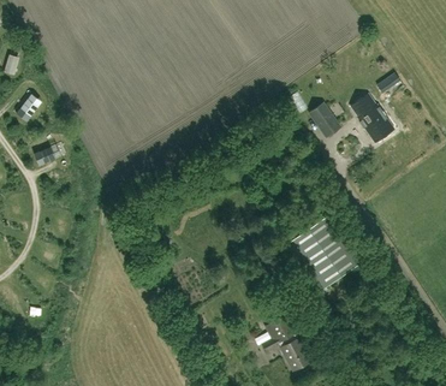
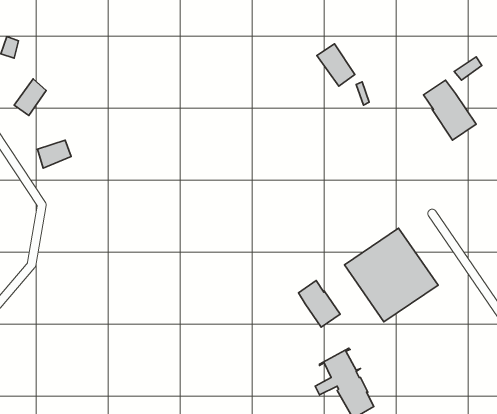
building: [309,102,340,137] -> [317,44,355,86]
building: none -> [299,281,340,327]

